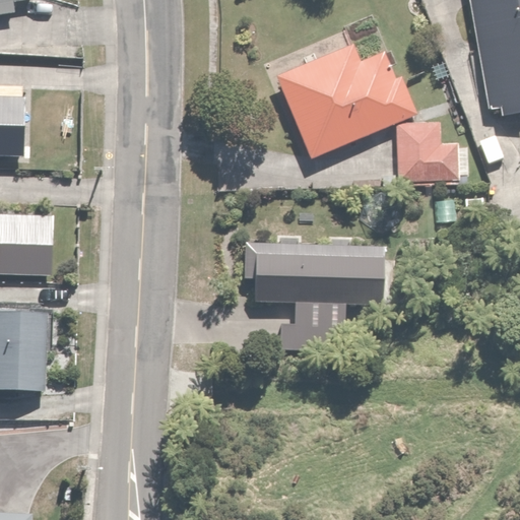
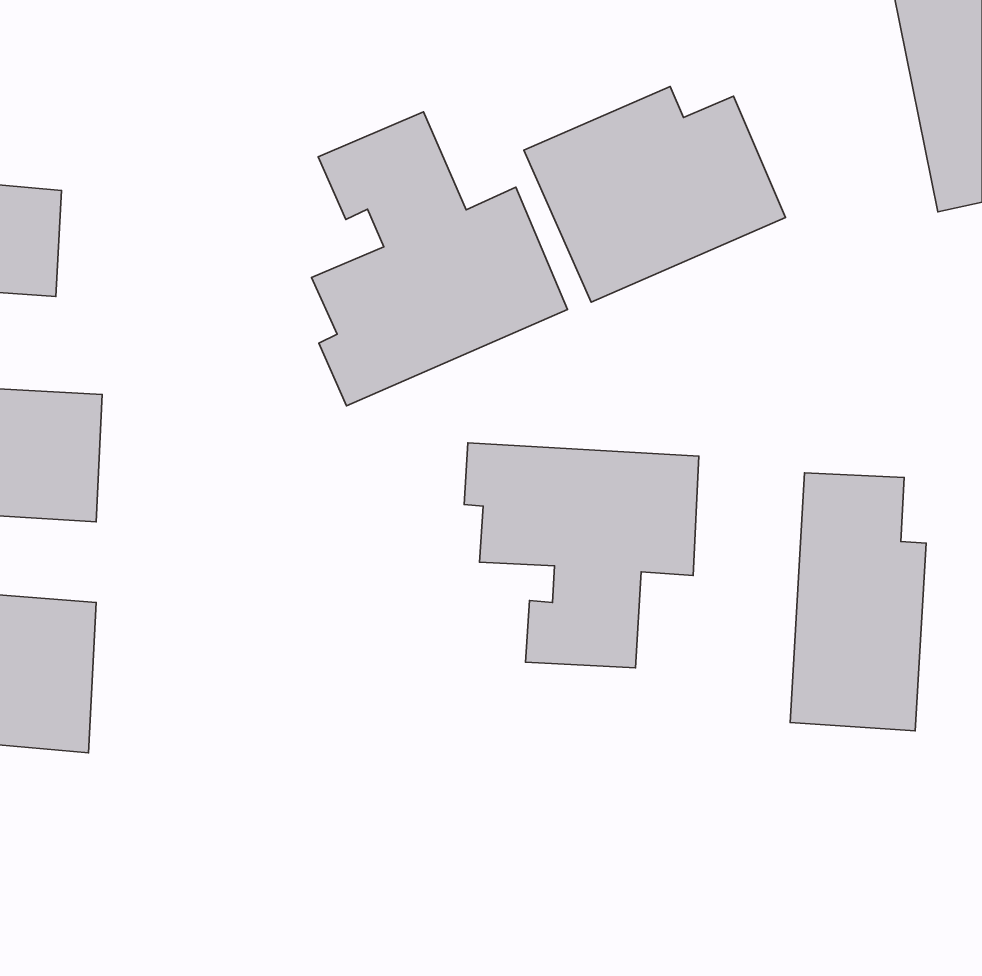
building: none -> [312,112,568,406]
building: [397,121,456,181] -> none
building: none -> [790,473,926,731]

